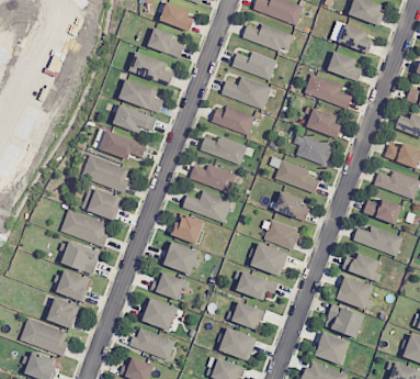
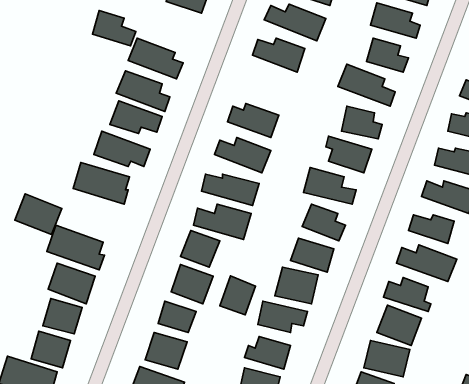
building: [148,27,184,57] -> [93,10,136,46]
building: [222,76,271,110] -> none
building: [82,186,122,220] -> [15,194,62,235]
building: none -> [220,276,255,315]

